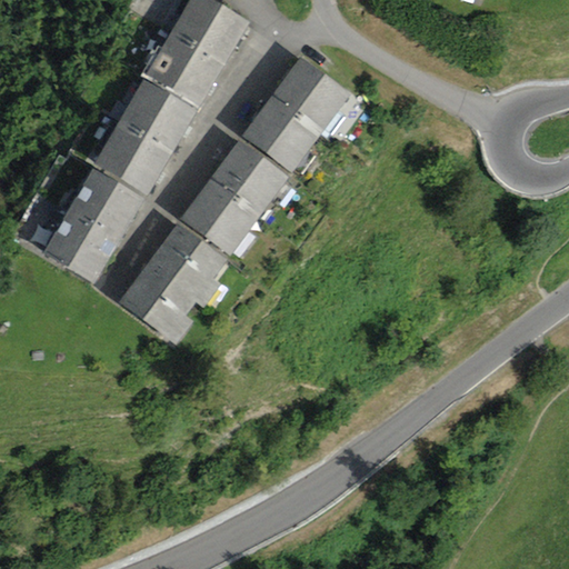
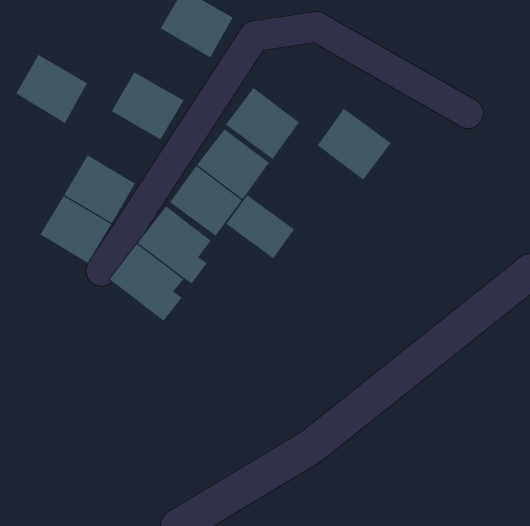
building: [146,30,226,104] -> none
building: [271,53,351,131] -> [317,108,391,180]
building: [94,119,172,193] -> [15,54,88,124]
building: none -> [225,194,295,259]

